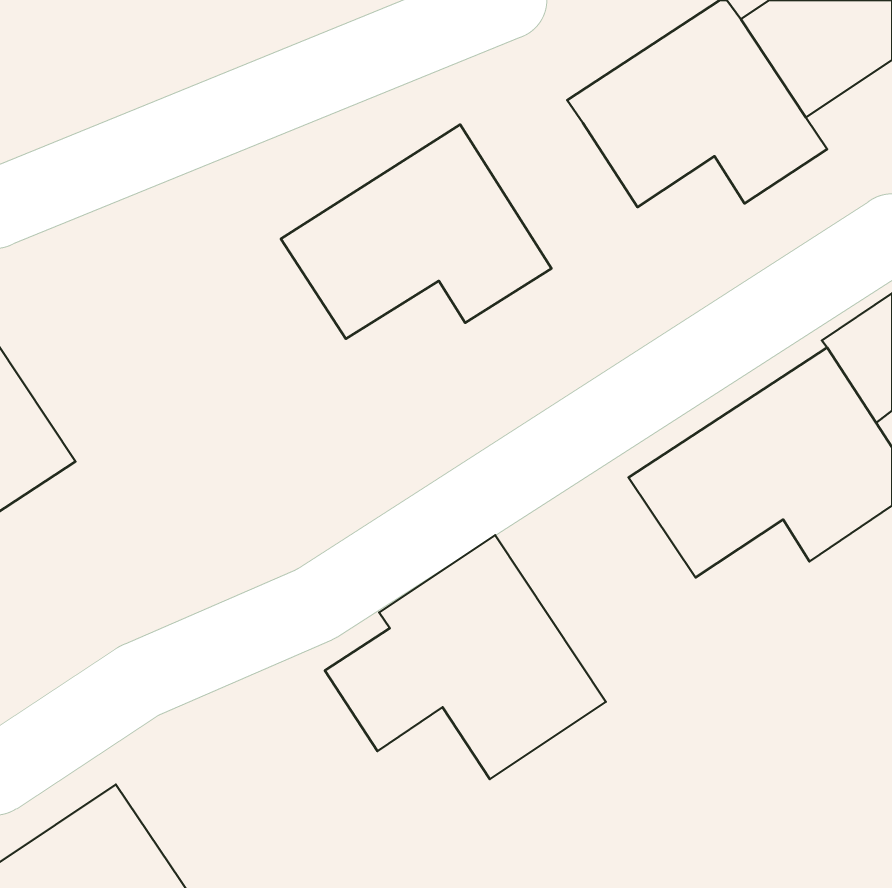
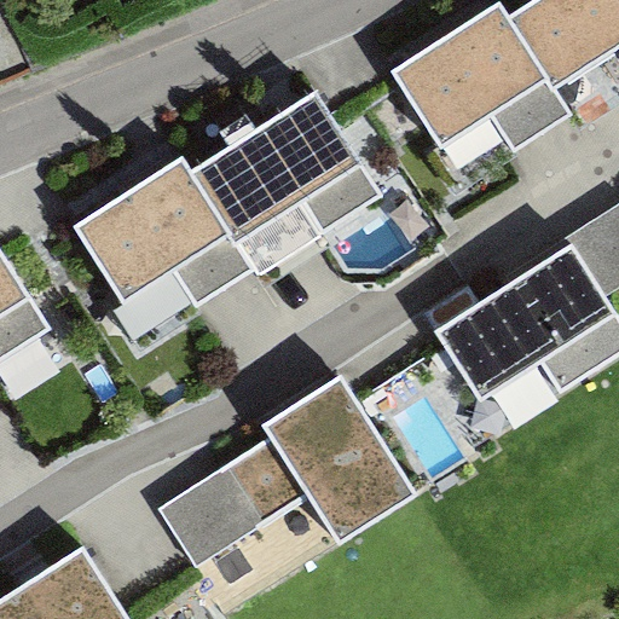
building: none -> [77,157,253,301]
building: none -> [156,468,260,568]

